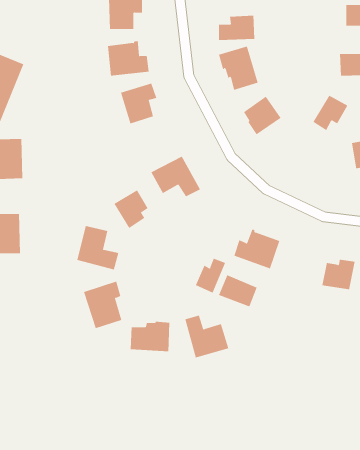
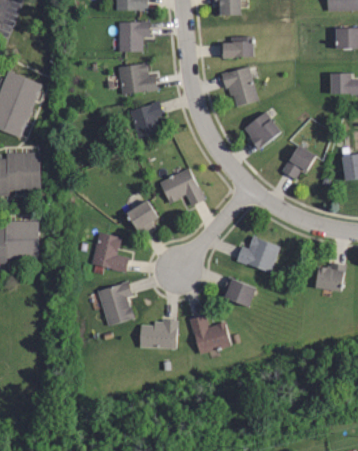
building: [312,95,348,131] -> [283,146,316,179]
building: [195,258,226,293] -> none

